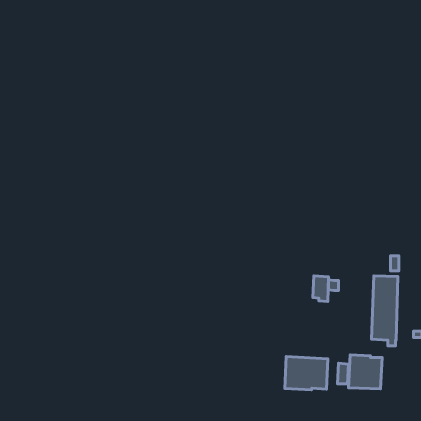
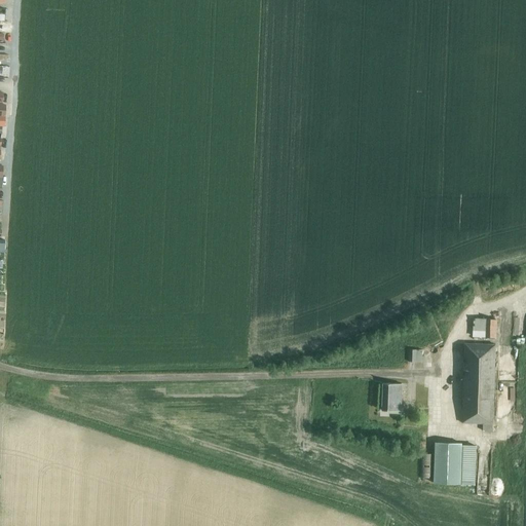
building: [313,276,329,302] -> [383,382,403,414]
building: [285,356,328,390] -> none

